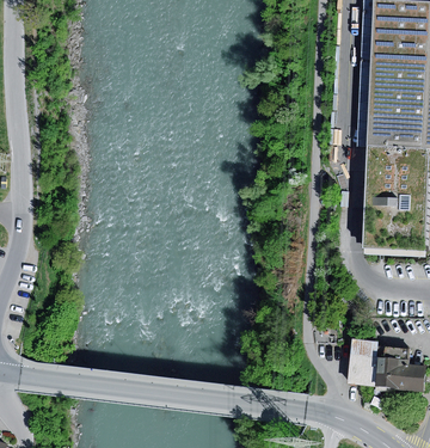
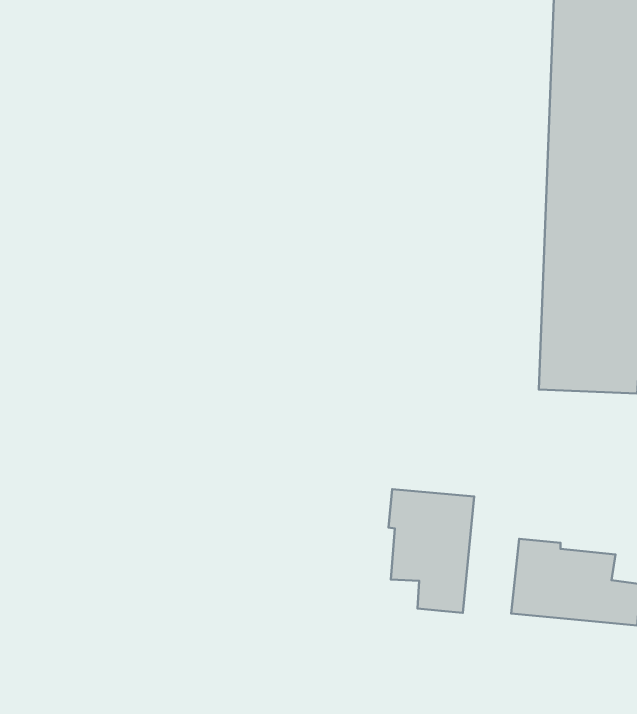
building: none -> [389,489,474,613]

